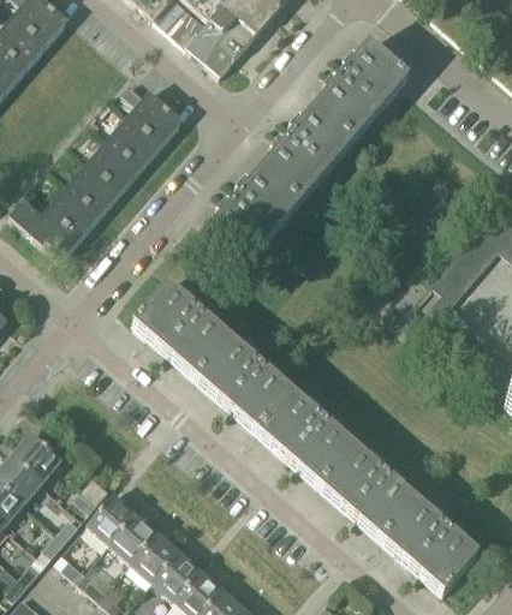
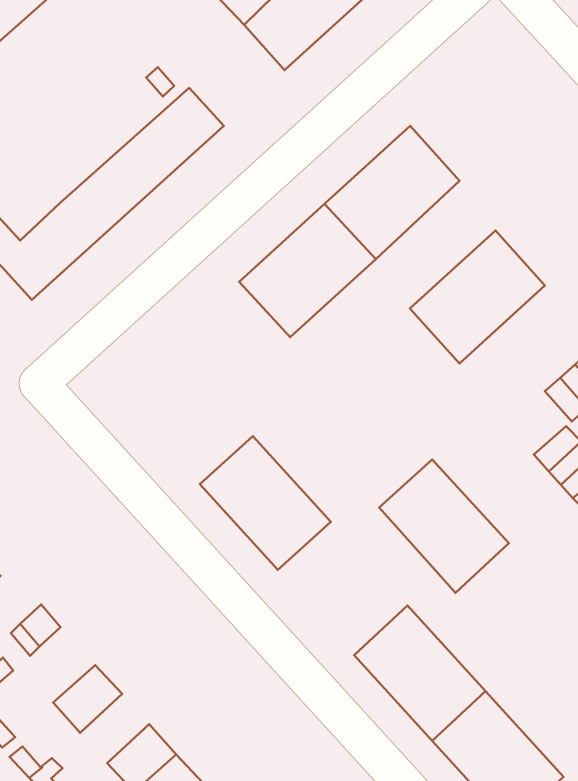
building: [314,41,407,138] -> [410,230,545,363]
building: [132,282,228,375] -> none
building: [257,390,352,483] -> [379,460,509,593]
building: [87,491,136,542] -> none
building: [131,530,179,580] -> none

